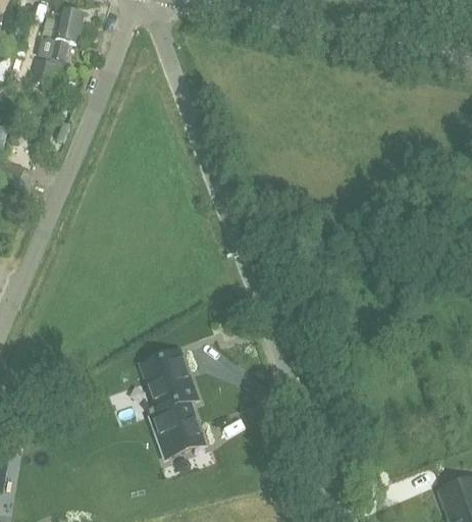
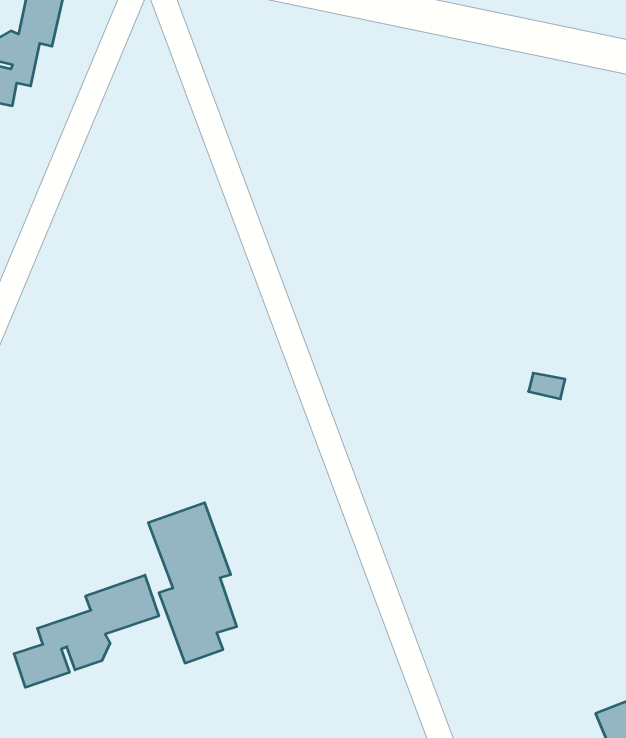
building: none -> [14,575,159,687]

